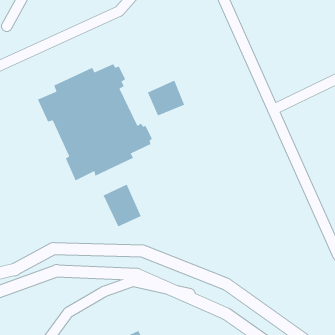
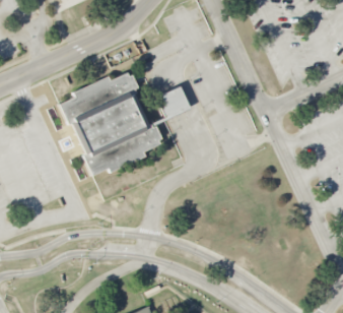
building: [103,183,142,227] -> none

